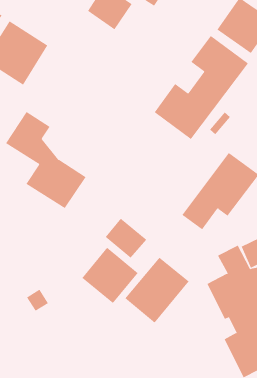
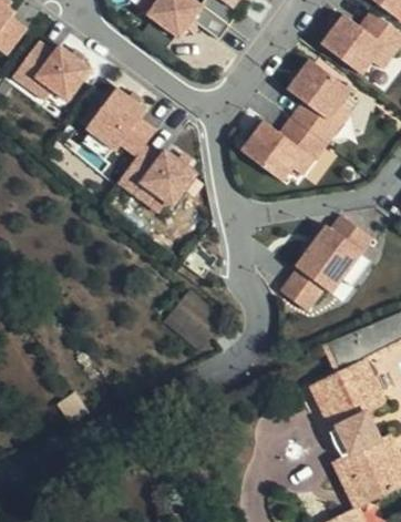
building: [5,111,86,209] -> [88,85,198,218]
building: [81,247,139,304] -> none
building: [124,257,190,324] -> none

